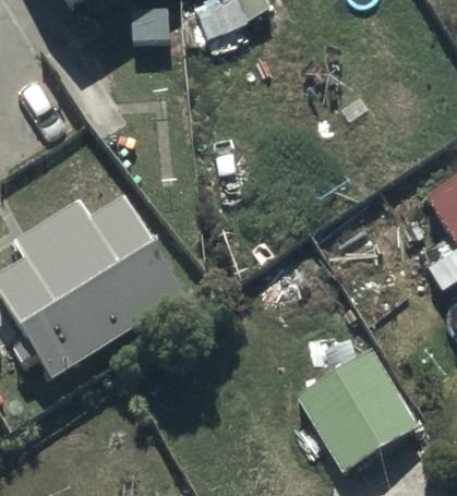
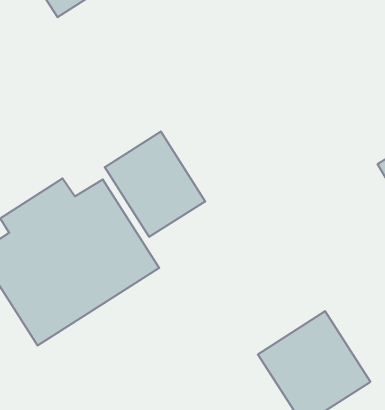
building: none -> [105,131,205,237]

